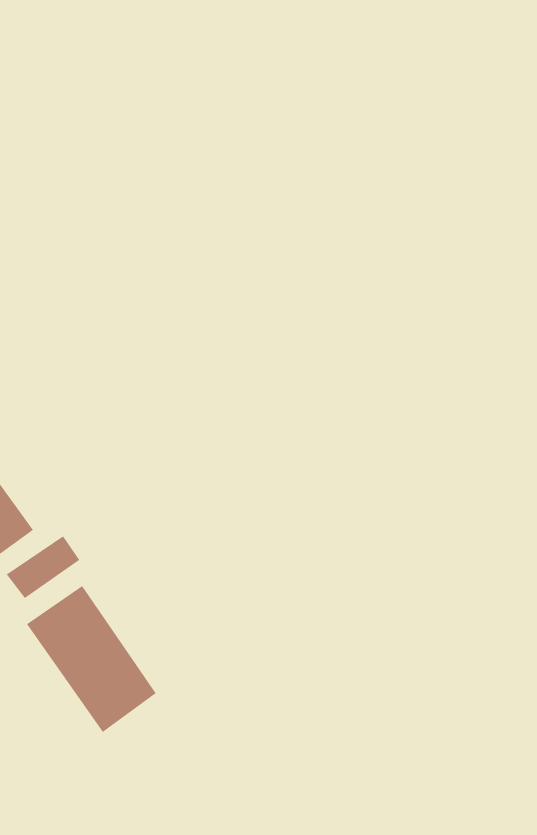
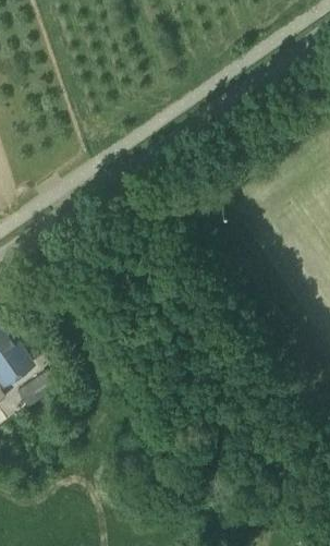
building: [26,585,157,733] -> none

